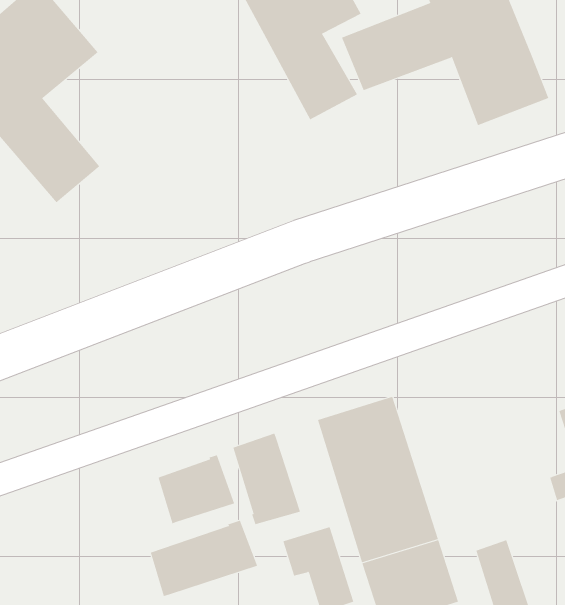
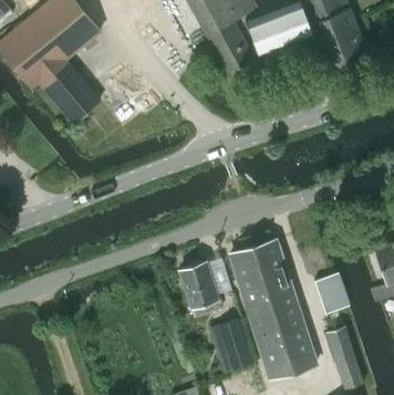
building: none -> [313,272,349,313]
building: [158,454,235,524] -> none
building: [150,520,258,597] -> none

